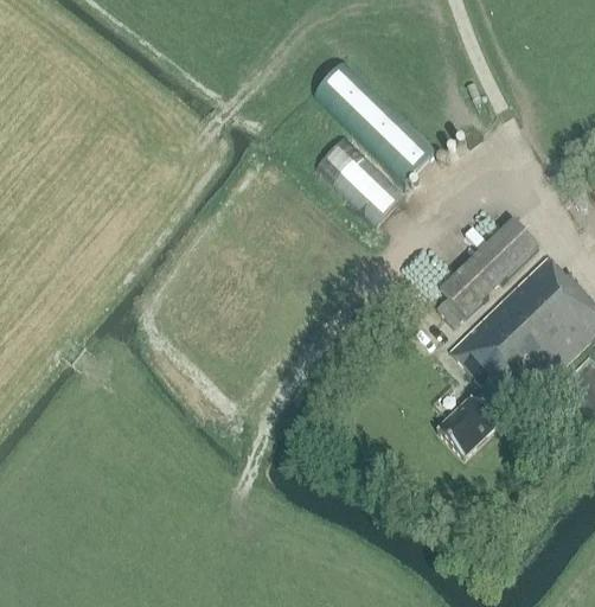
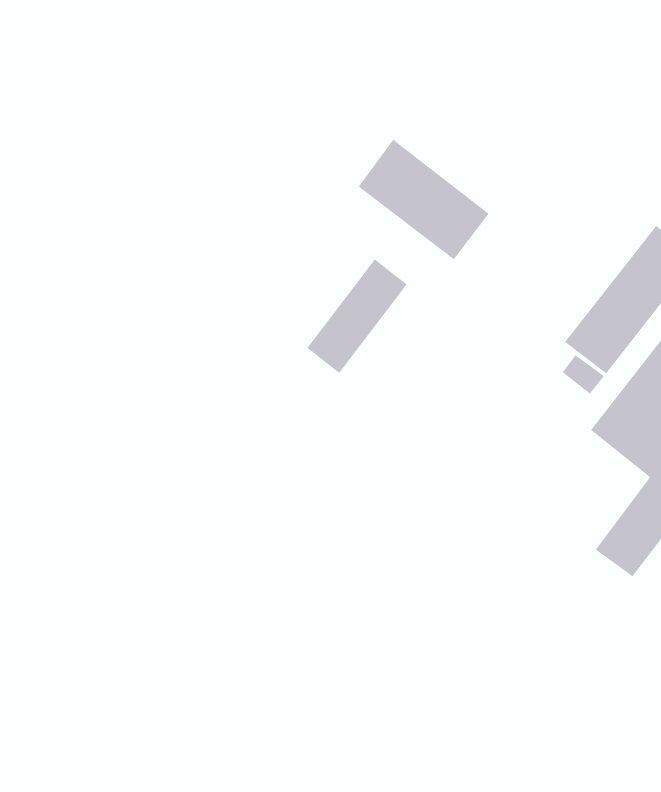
building: [311,58,439,183] -> none
building: none -> [306,259,407,374]

